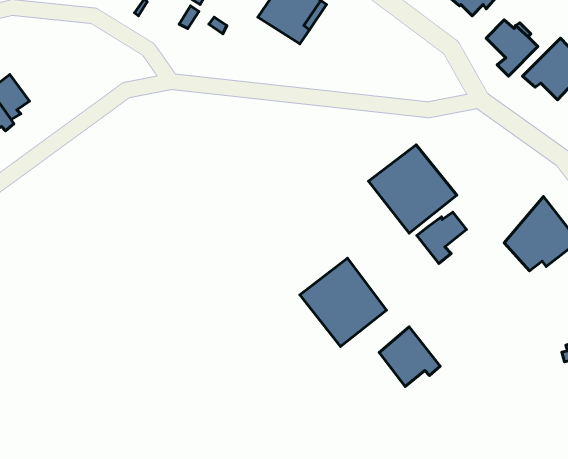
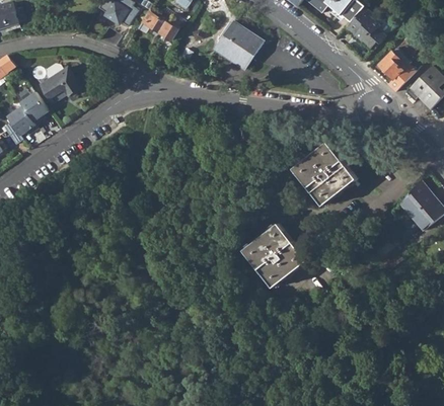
building: none -> [41,68,79,103]
building: [417,212,467,263] -> none
building: [379,327,440,387] -> none

